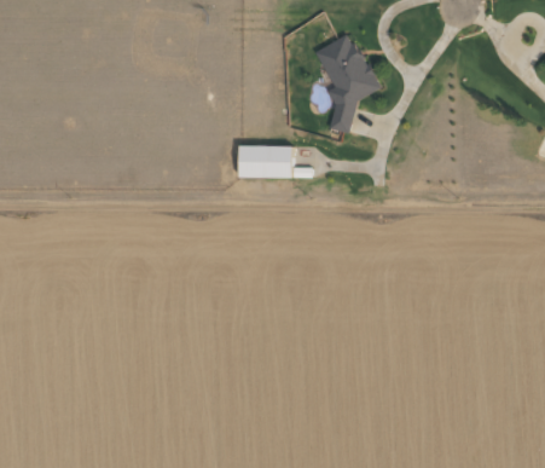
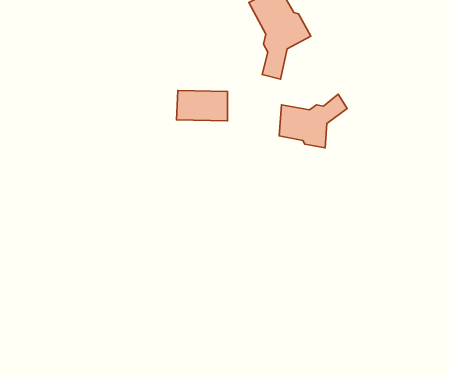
building: none -> [279,94,347,148]

